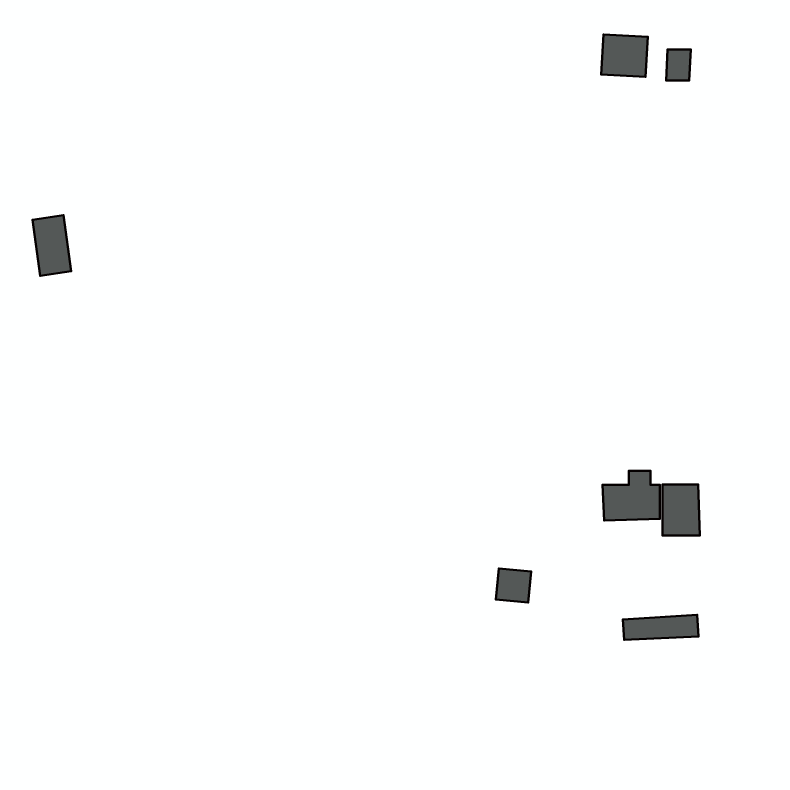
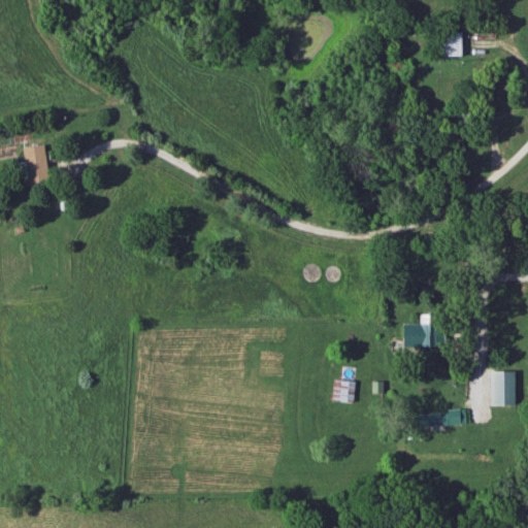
building: [601,35,648,77] -> none
building: [663,484,700,536] -> [490,371,515,405]

